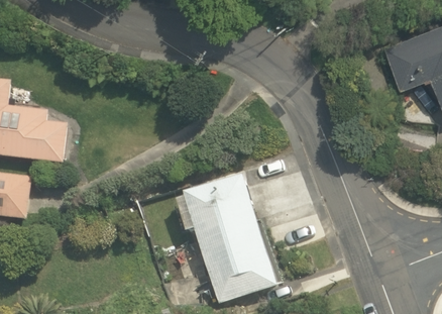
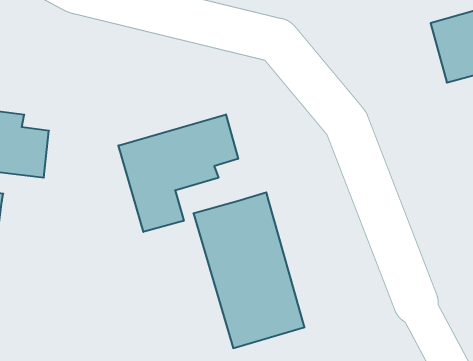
building: none -> [118,114,238,232]

